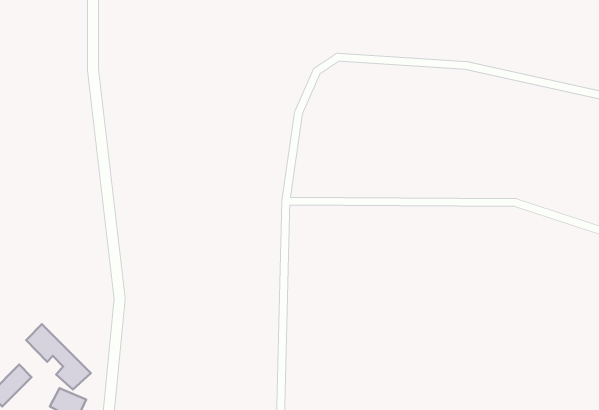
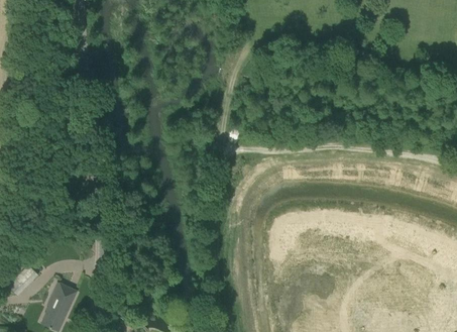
building: [26,324,91,390] -> none

